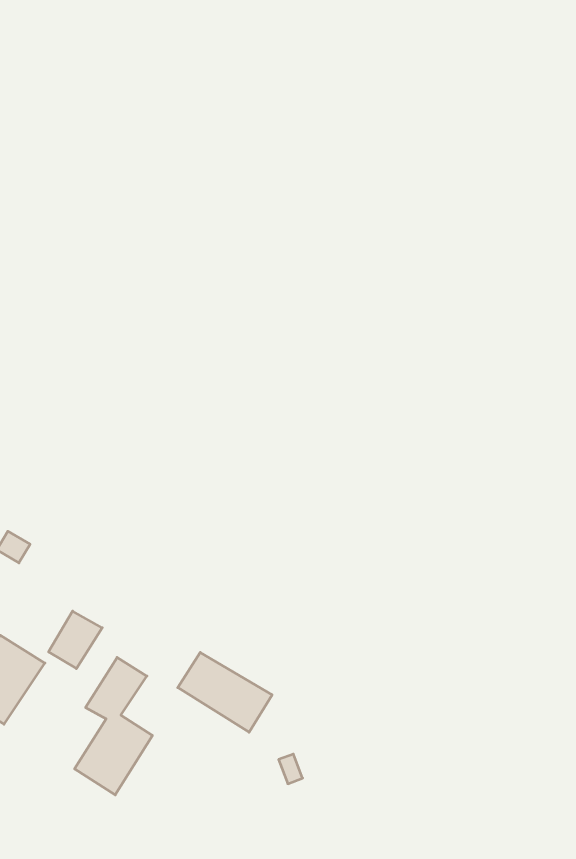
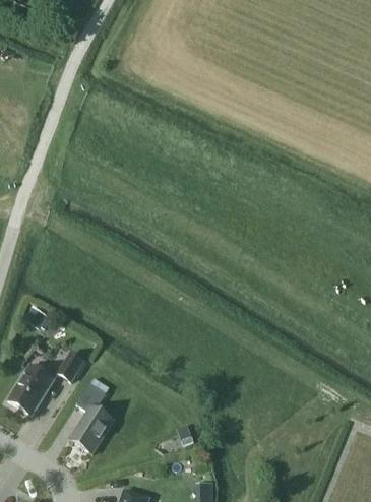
building: [178,652,272,732] -> none

